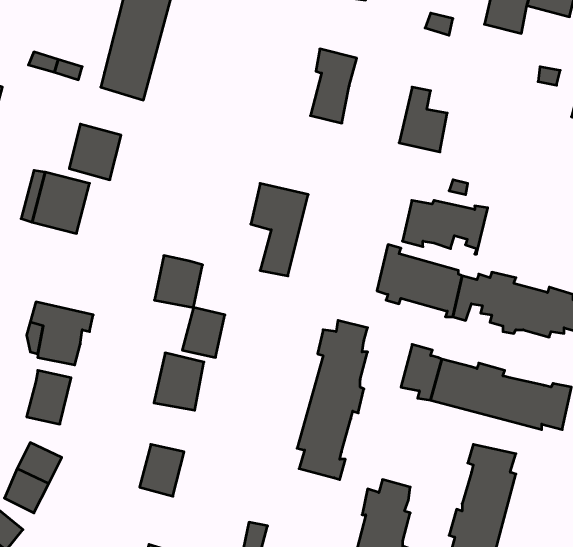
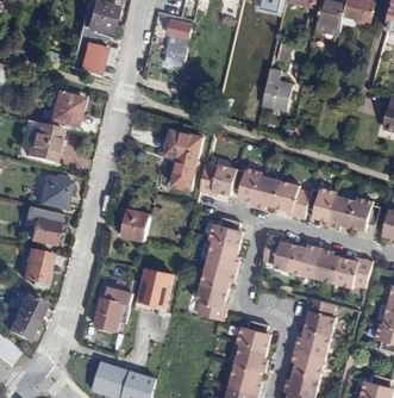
building: [310,49,357,123] -> [163,19,193,67]
building: [402,200,488,254] -> [200,163,255,198]
building: [154,256,203,307] -> [40,175,71,209]
building: [154,353,204,410] -> [140,268,173,305]

